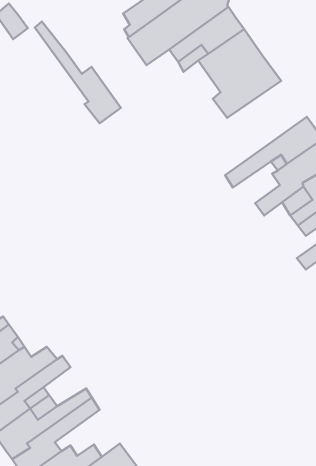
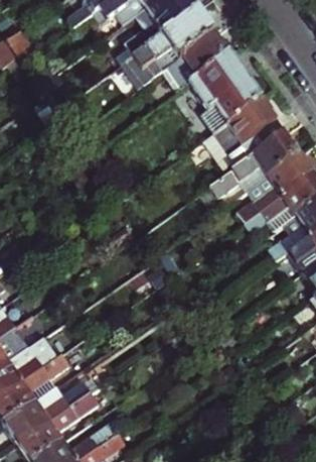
building: [35,21,121,123] -> none
building: none -> [216,102,288,169]

